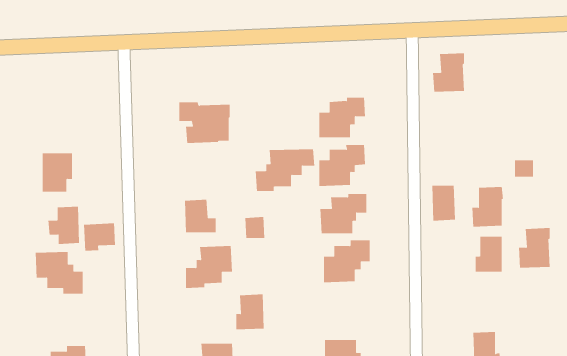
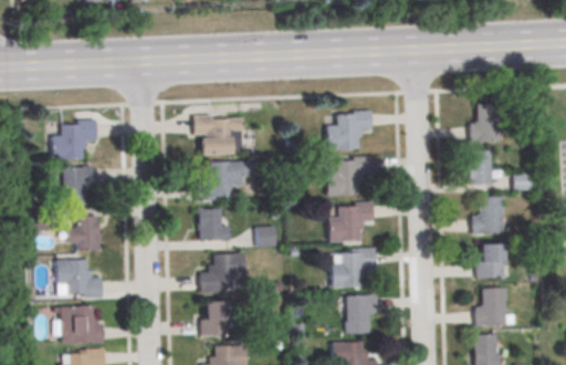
building: [432,53,465,92] -> [470,104,501,142]
building: none -> [52,118,98,159]
building: [255,149,315,192] -> [197,159,254,200]
building: [431,185,456,221] -> [469,150,492,185]
building: [83,222,116,252] -> none
building: [518,228,550,268] -> [475,288,506,326]
building: none -> [346,295,377,333]
building: [236,294,265,330] -> [201,302,229,336]
building: none -> [61,305,104,344]

